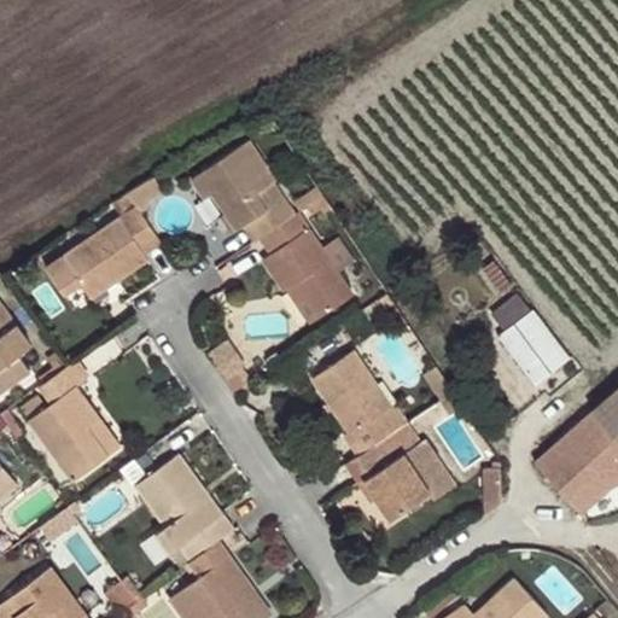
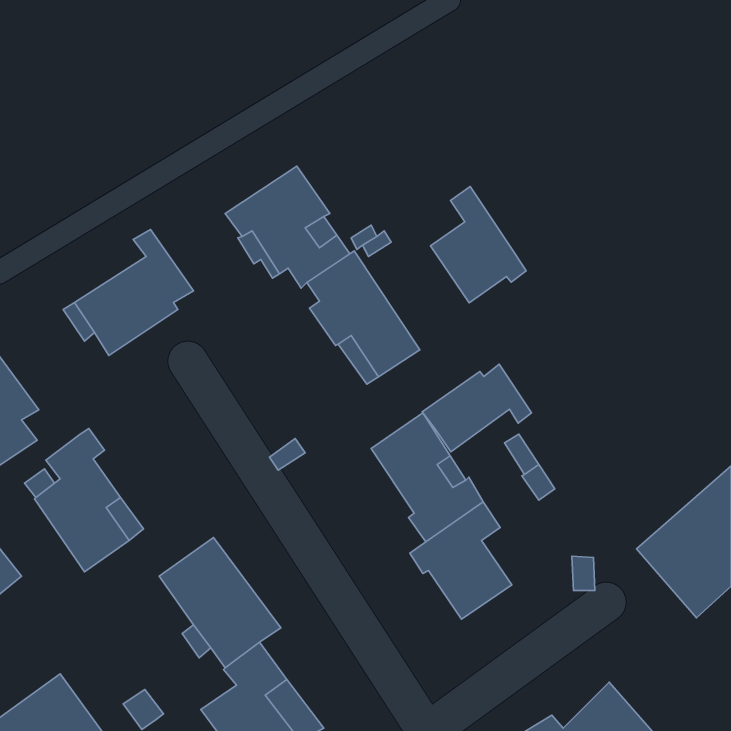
building: none -> [430,187,526,303]
building: none -> [422,364,532,452]
building: [497,313,559,374] -> none
building: [406,443,451,495] -> none

